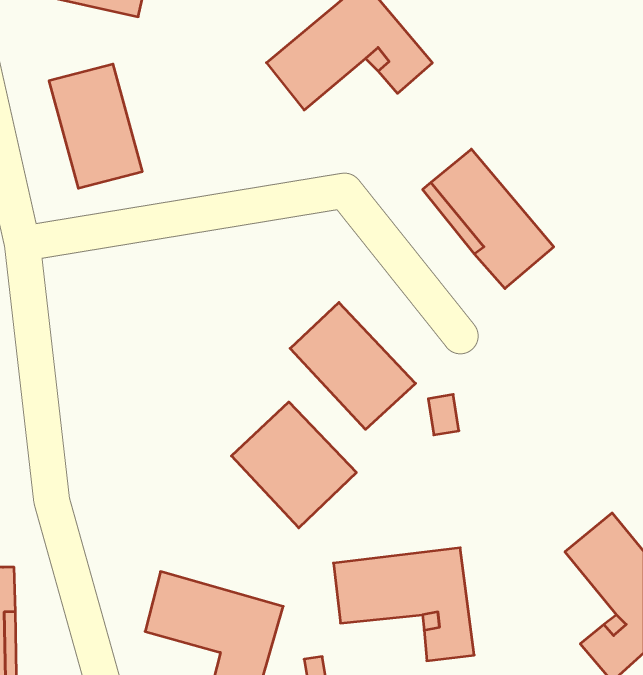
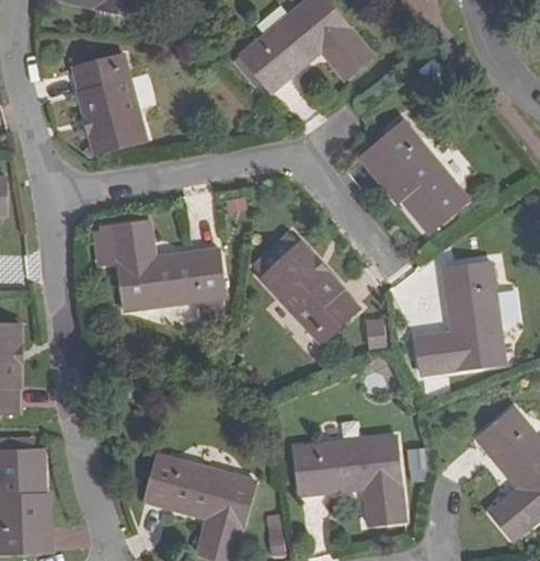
building: none -> [94,221,223,318]
building: none -> [416,262,505,374]
building: [231,402,356,528] -> none

